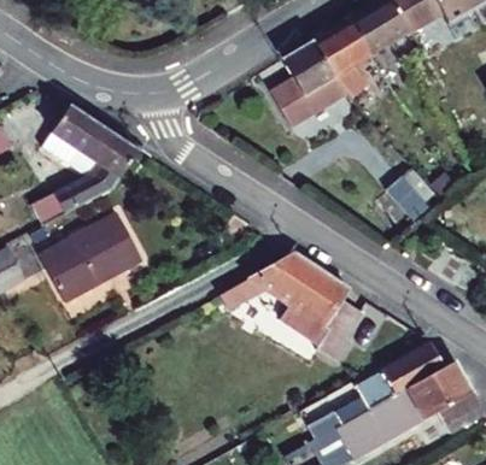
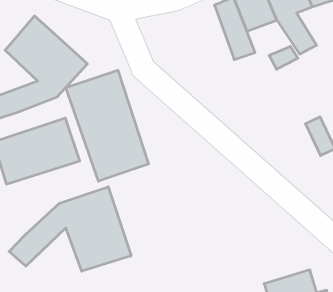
building: none -> [66,70,149,181]
building: [223,259,362,347] -> none
building: none -> [9,187,131,271]

